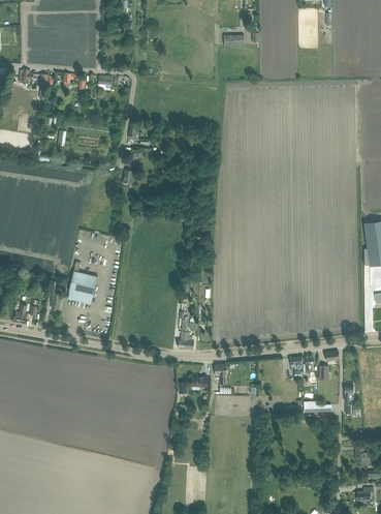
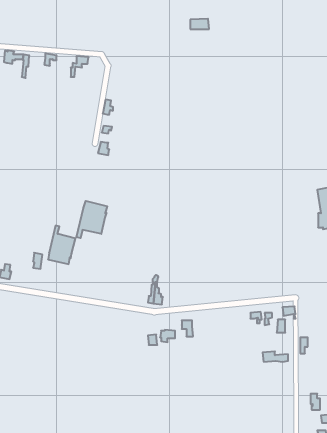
building: none -> [77,201,107,238]

